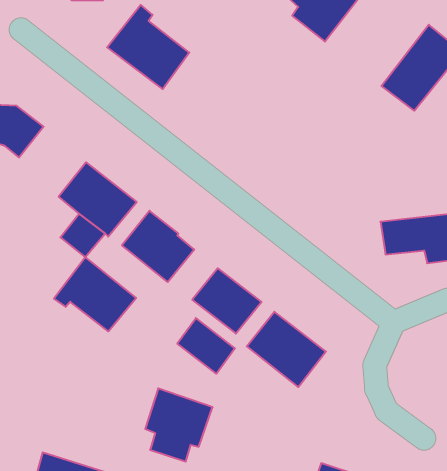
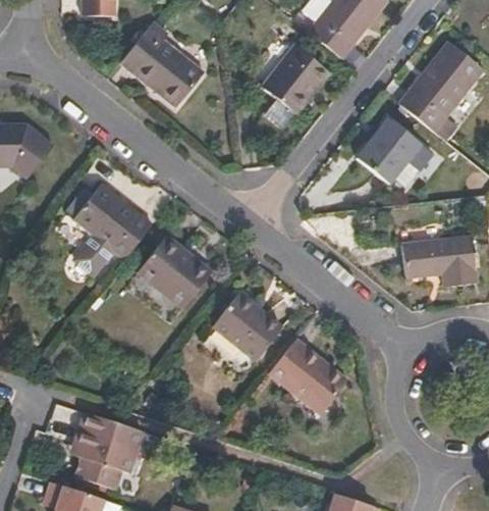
building: none -> [263,45,331,130]
building: none -> [359,120,422,185]
building: [54,257,136,331] -> none
building: [177,318,235,374] -> none
building: [145,388,213,462] -> [76,412,146,488]

